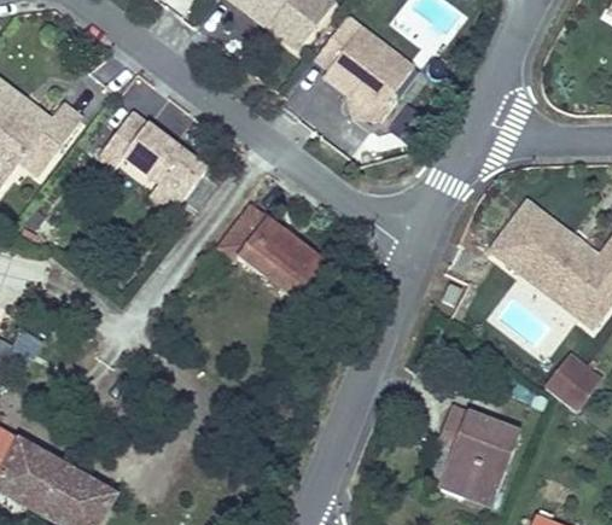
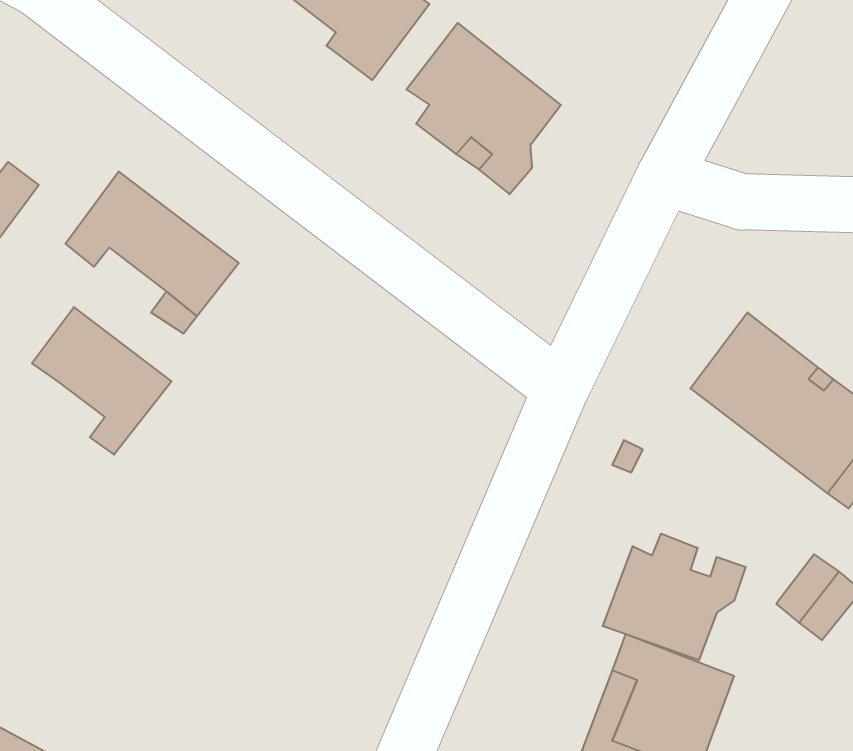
building: none -> [32,307,171,455]
building: [215,202,328,304] -> none
building: none -> [603,534,746,660]

